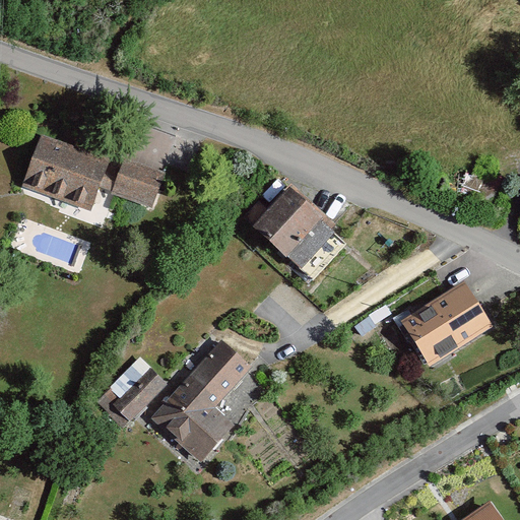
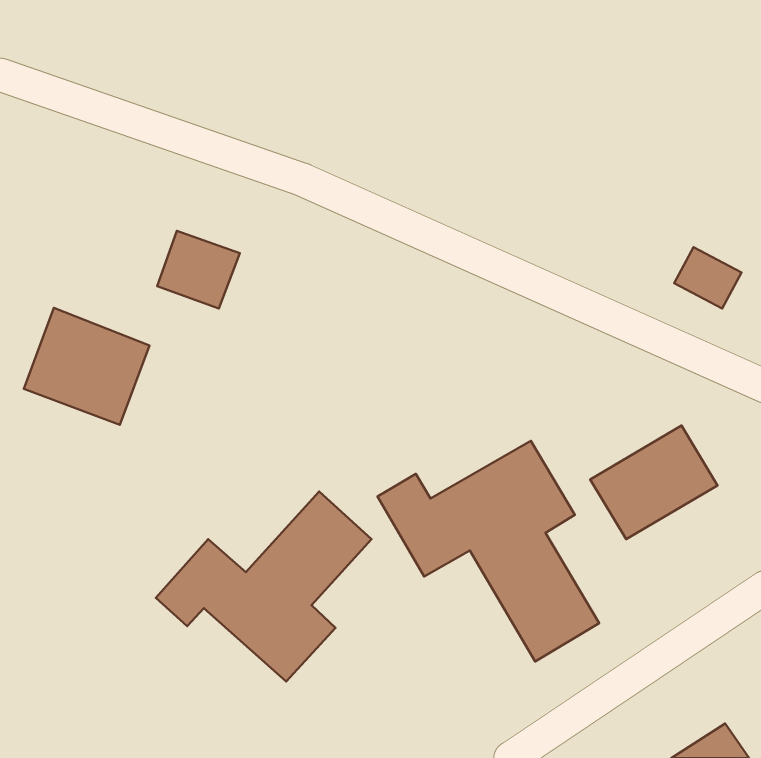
building: [19,132,105,211] -> [24,308,150,425]
building: [250,183,348,279] -> none
building: none -> [378,441,599,661]

